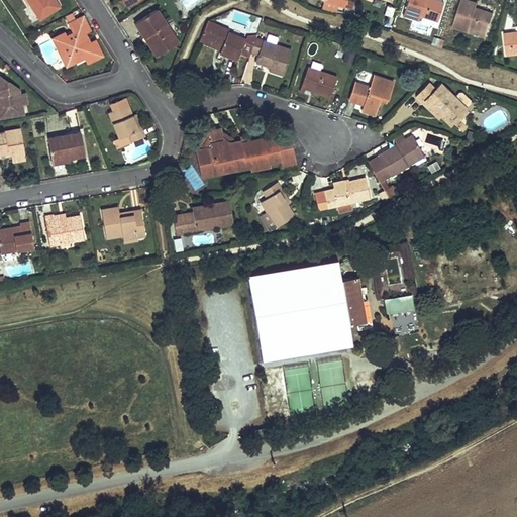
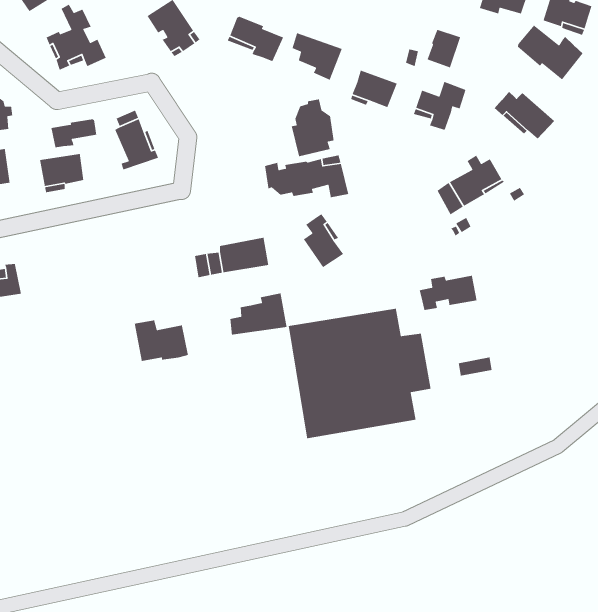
building: none -> [517,24,584,81]
building: none -> [426,29,461,69]
building: none -> [51,119,97,148]
building: [197,128,232,176] -> [291,98,335,157]
building: [323,180,371,209] -> [419,275,478,311]
building: [99,205,143,239] -> [134,319,189,362]
building: [42,214,83,245] -> none
building: none -> [230,293,287,336]

